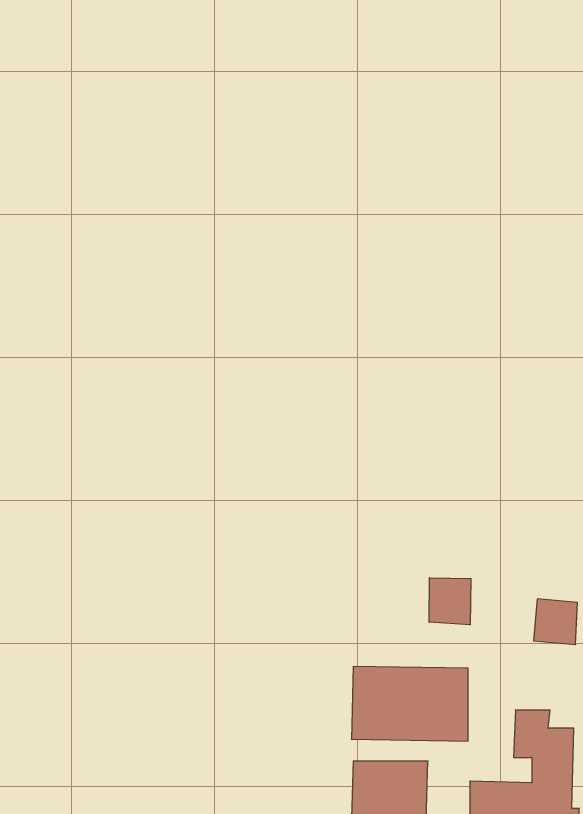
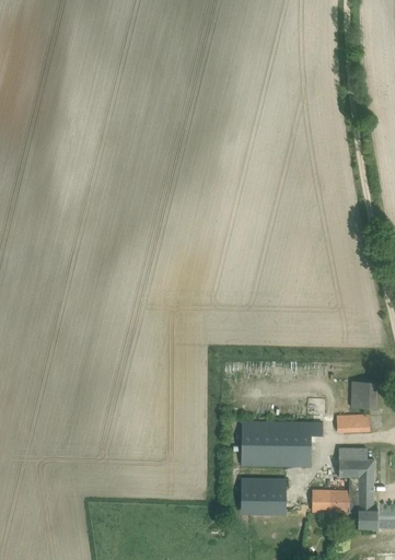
building: [429,578,471,625] -> none
building: none -> [337,416,370,432]

